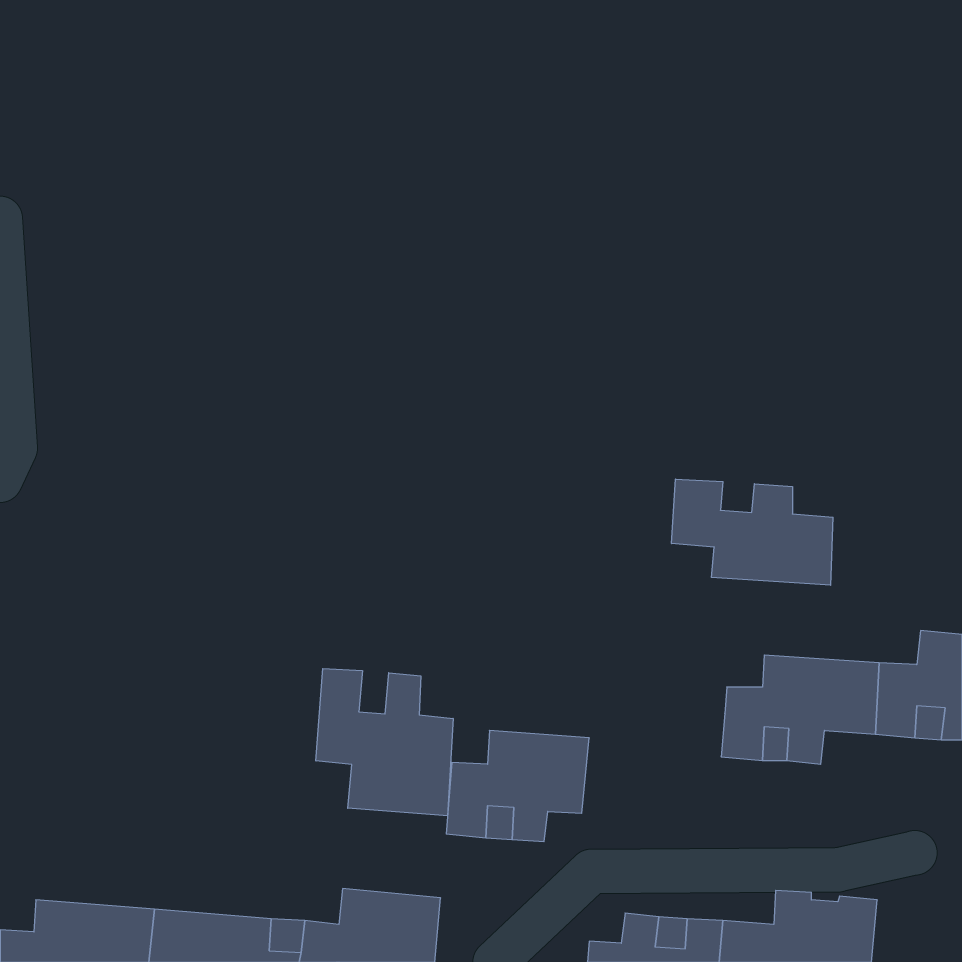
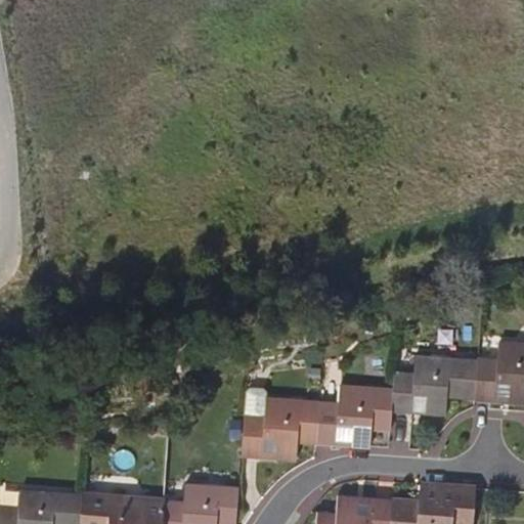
building: [672,479,833,585] -> none
building: [316,669,453,816] -> none
building: none -> [316,384,394,446]

